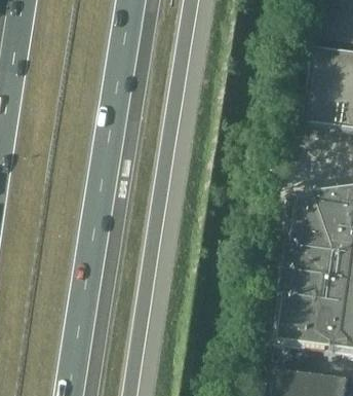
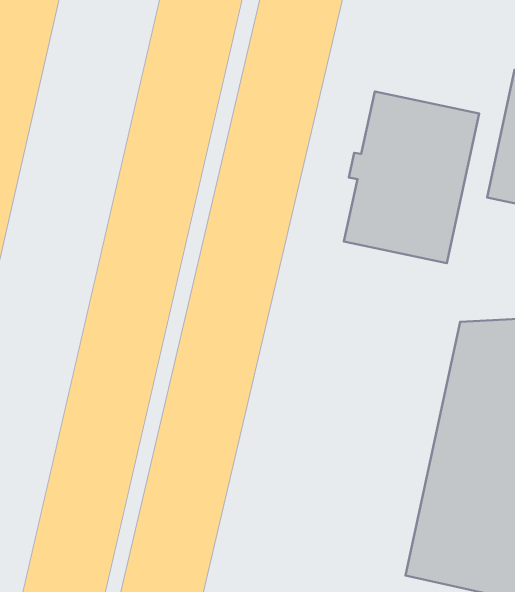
building: none -> [344,91,479,263]

